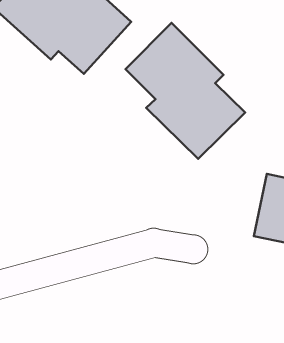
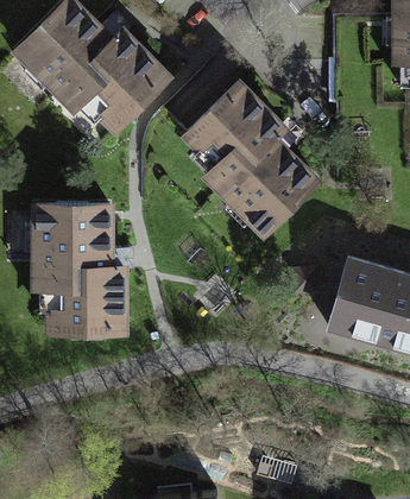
building: none -> [34,200,135,335]

